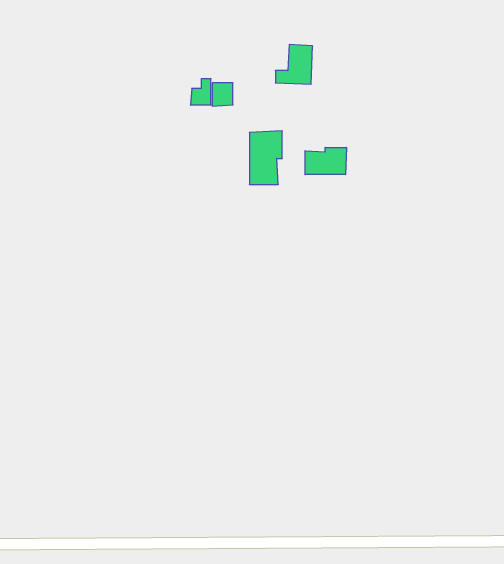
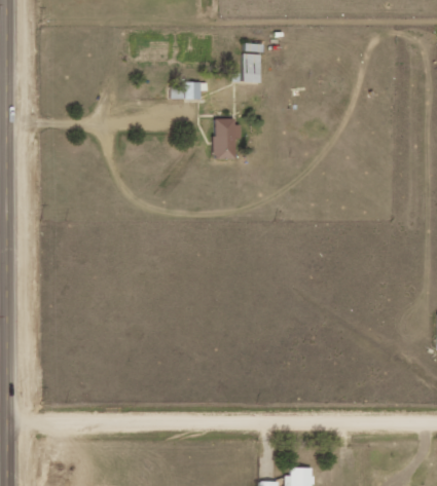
building: [305,147,346,175] -> none

